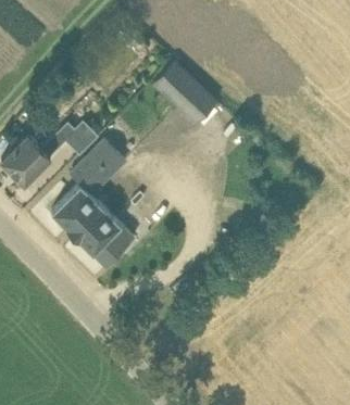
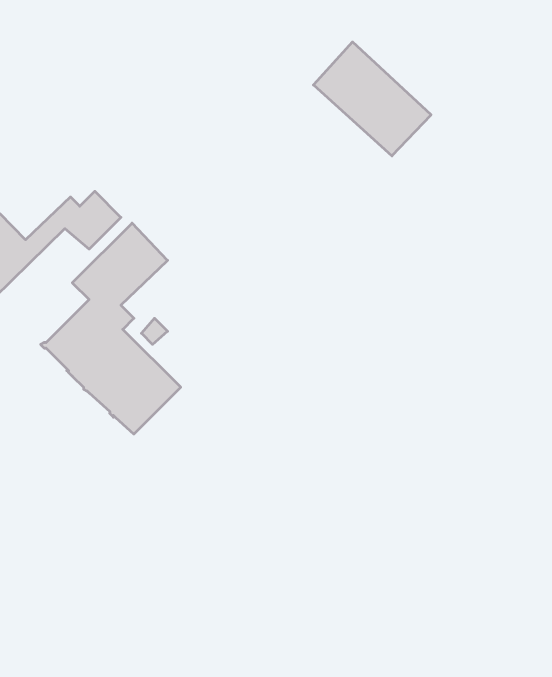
building: [150,60,218,126] -> [313,42,431,156]

